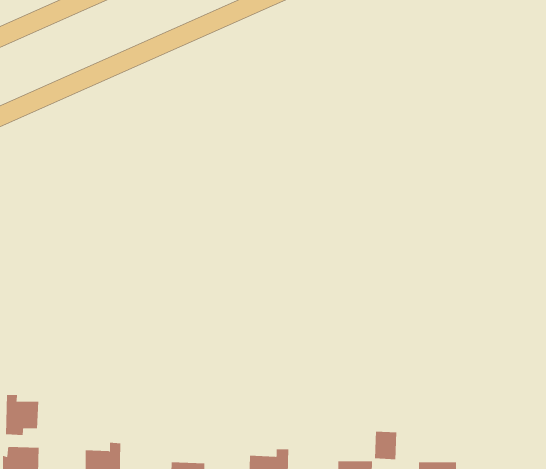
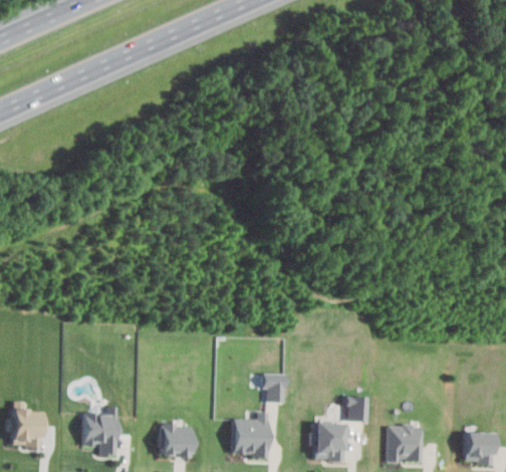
building: [5,394,39,436] -> none
building: none -> [262,373,285,402]

